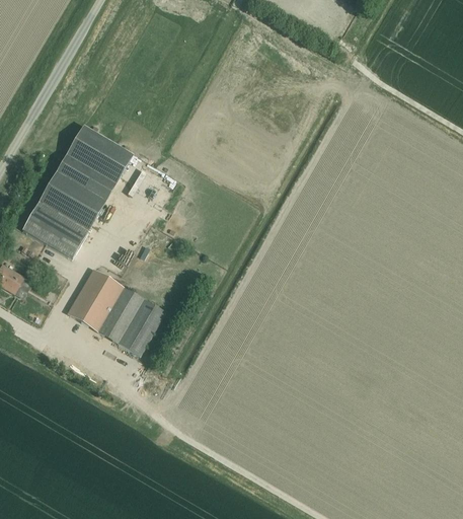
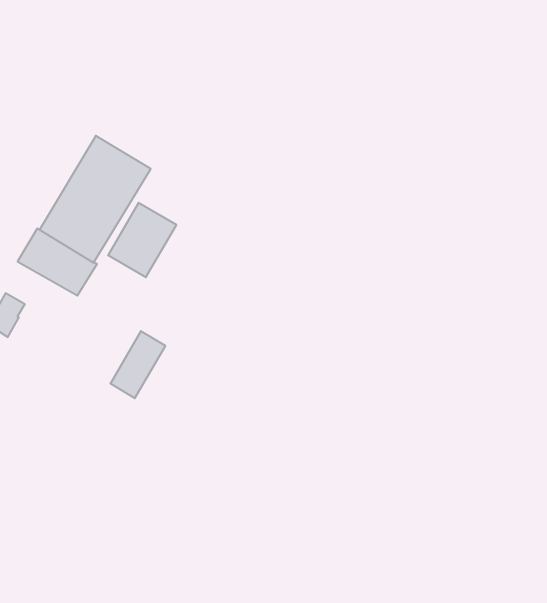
building: [67,270,124,331] -> [108,203,176,277]
building: [119,300,164,356] -> none

